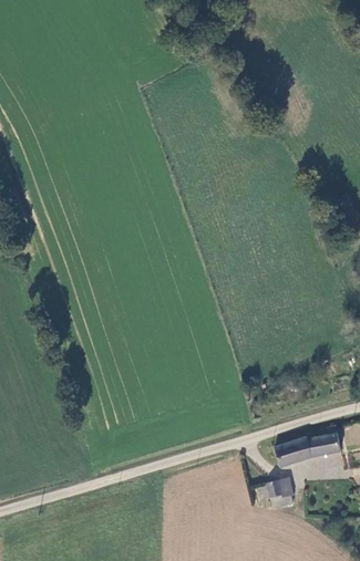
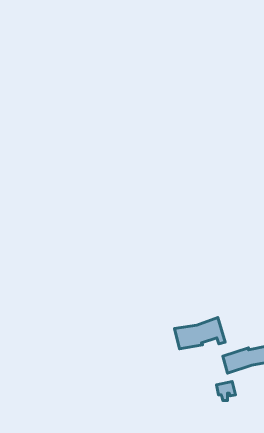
building: none -> [174,318,225,349]

